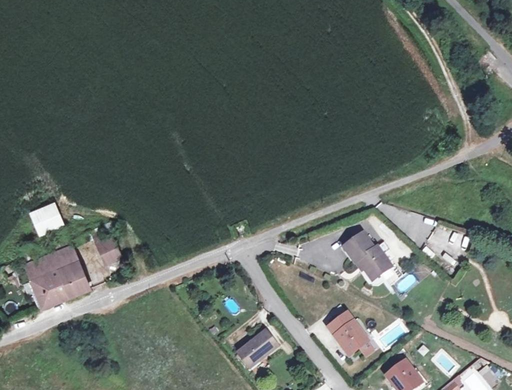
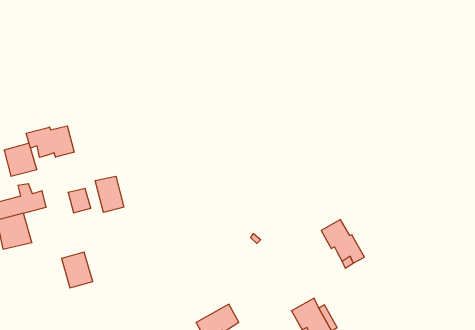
building: none -> [26,126,74,157]
building: none -> [95,176,124,212]
building: [56,260,89,296] -> [62,252,93,288]

